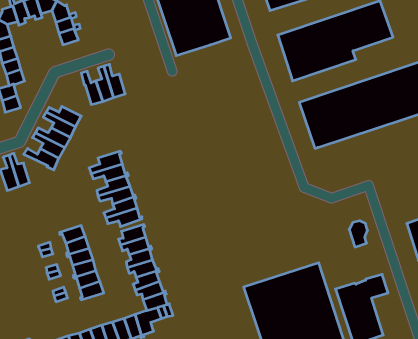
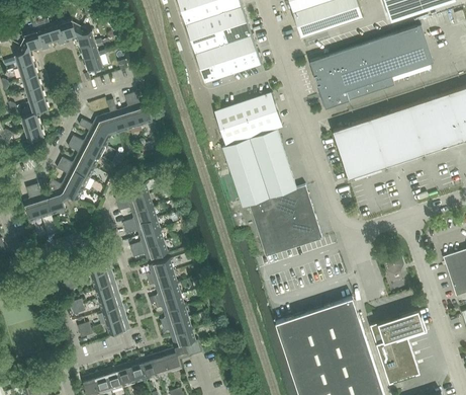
building: none -> [214,93,322,257]
building: none -> [79,113,117,146]
building: none -> [48,185,73,215]

